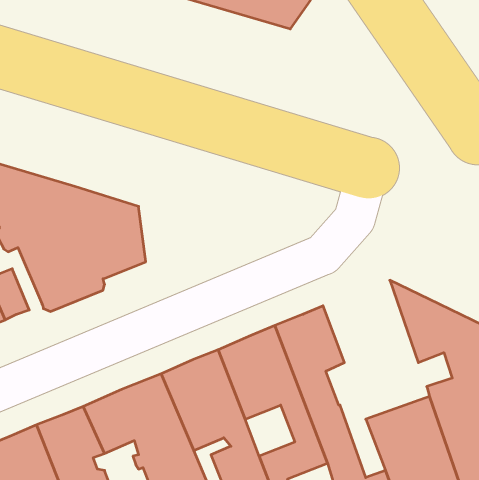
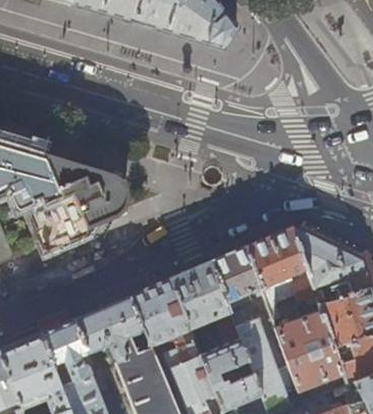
building: none -> [246,227,319,321]

